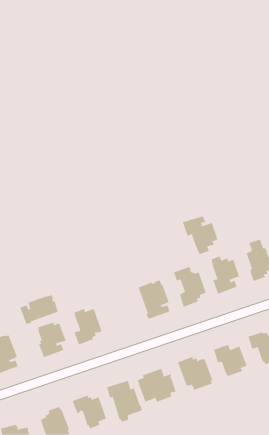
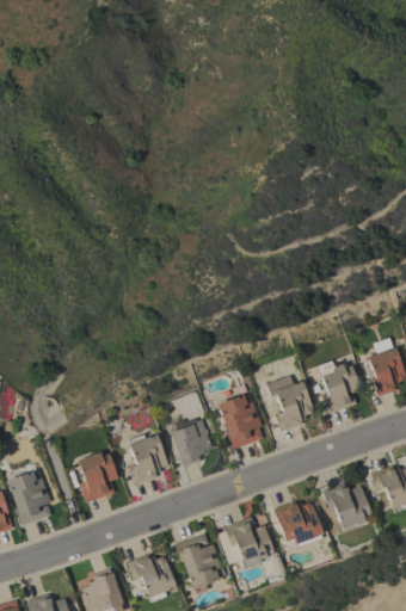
building: [182,215,218,255] -> none
building: [20,294,58,325] -> none
building: none -> [170,418,213,467]

